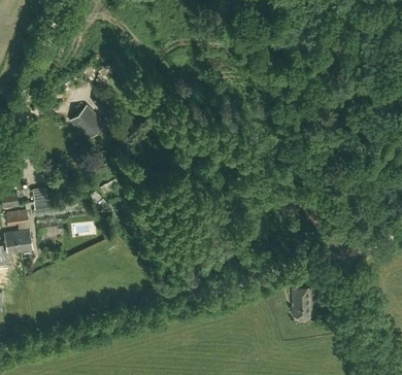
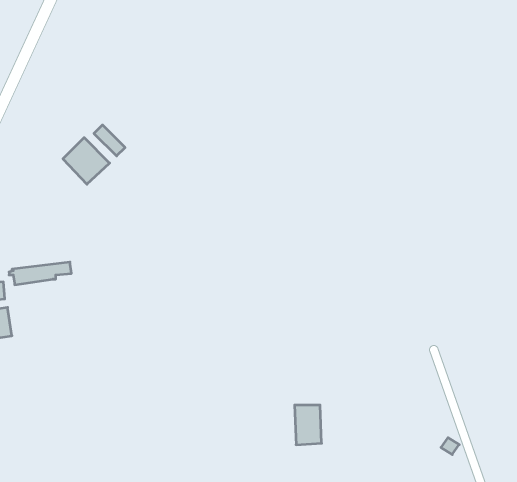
building: [291,288,310,317] -> [295,405,322,445]

